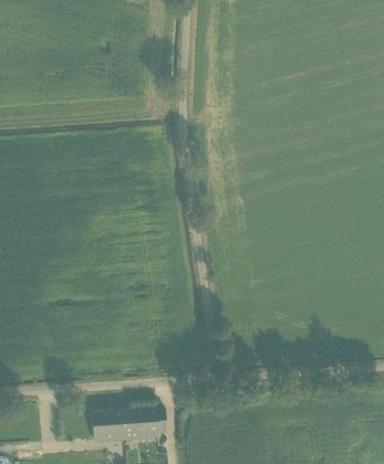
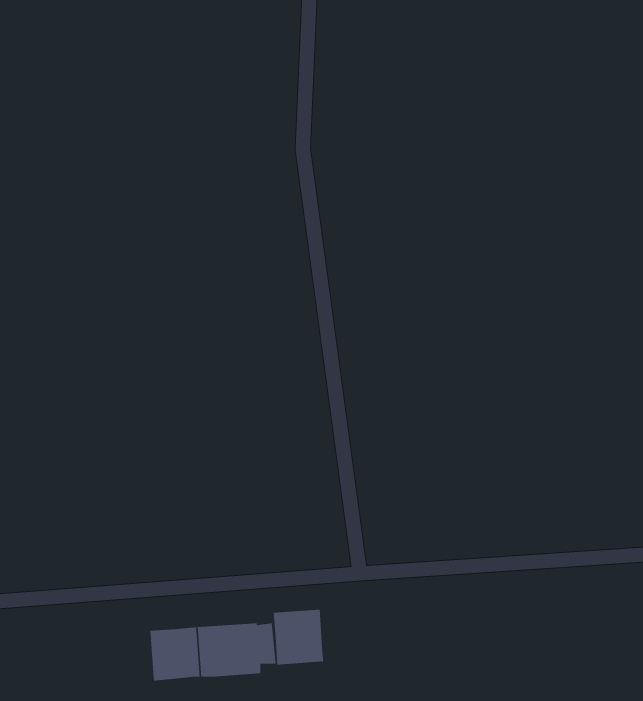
building: none -> [273,609,324,665]

